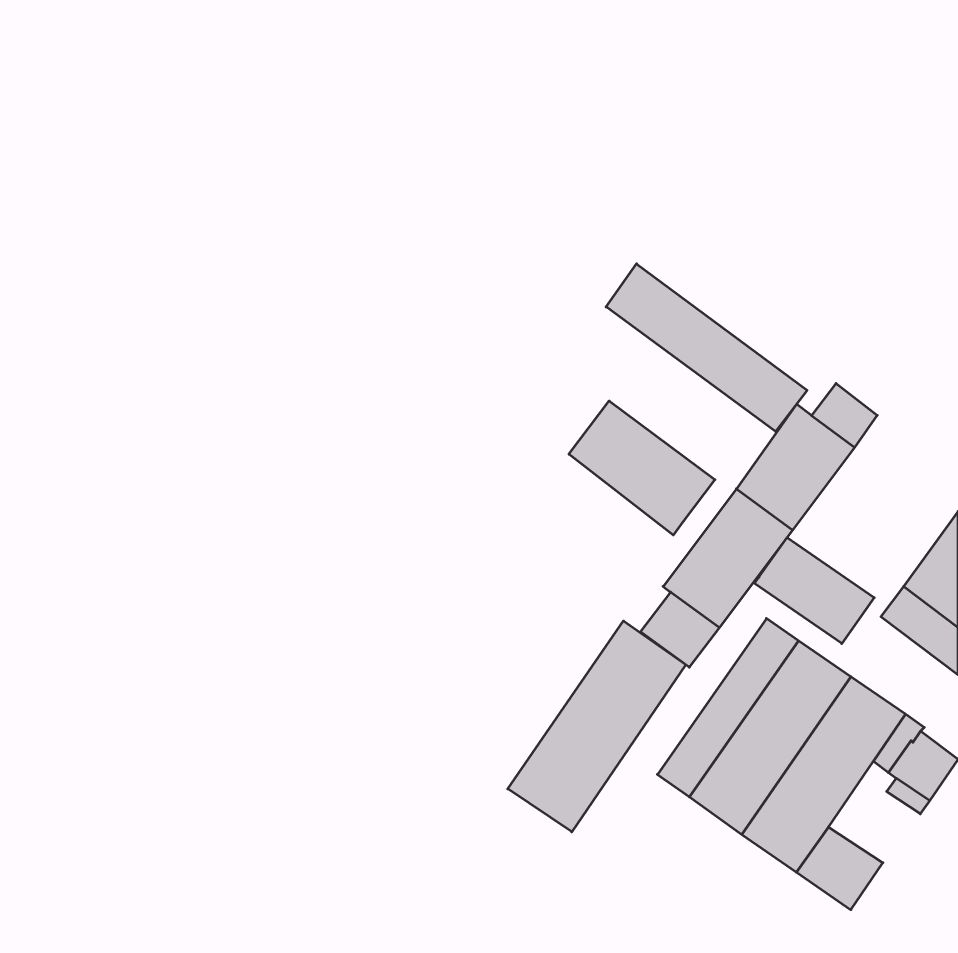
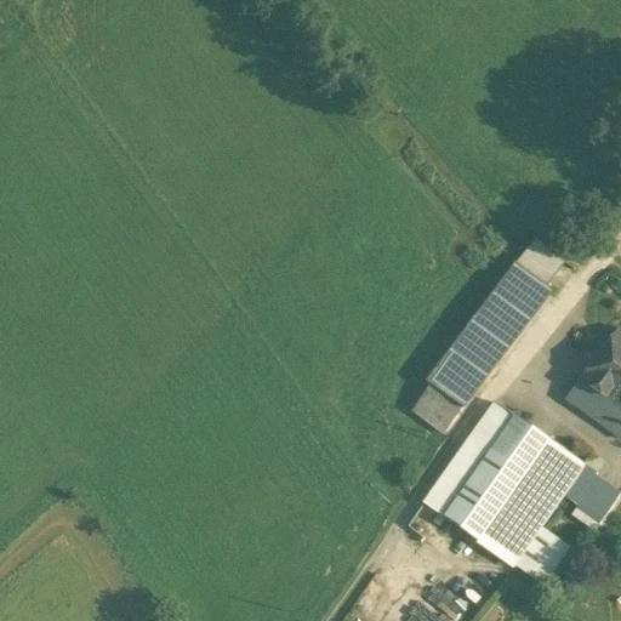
building: [606,264,807,432] -> none
building: [569,401,715,535] -> none
building: [755,537,874,644] -> none
building: [508,621,686,832] -> none

